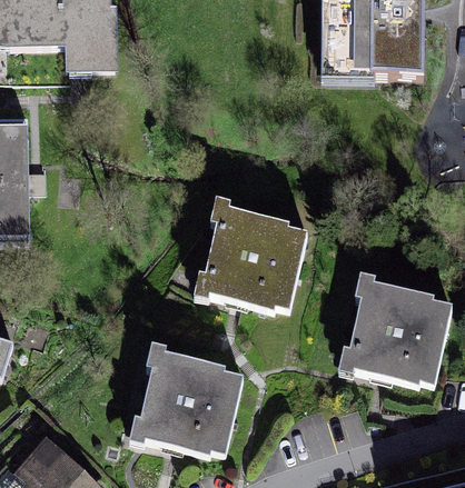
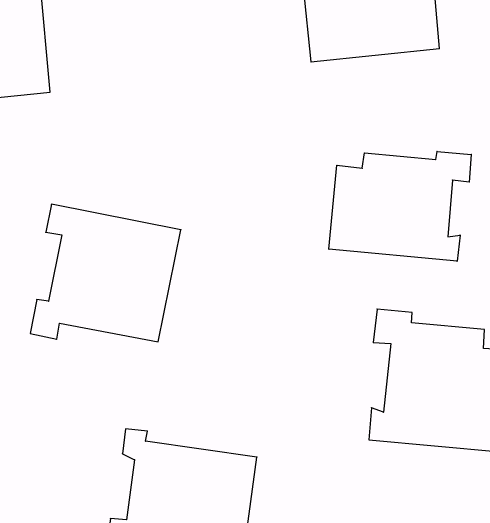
building: none -> [329,151,471,261]
building: [189,199,314,313] -> [30,204,181,342]

